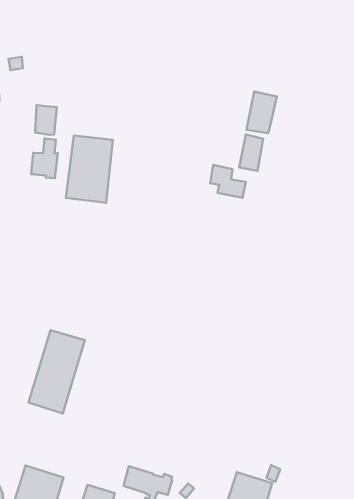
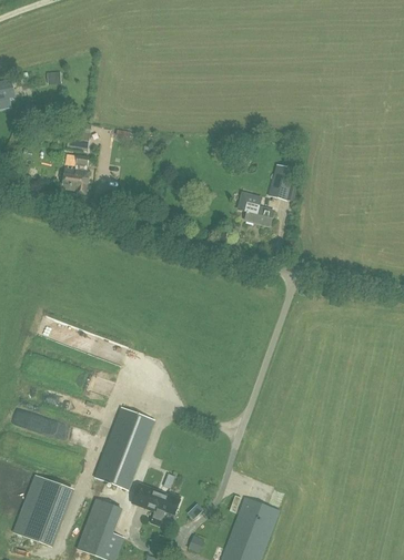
building: [246,92,277,133] -> none
building: [66,136,113,203] -> none
building: [29,330,85,414] -> [94,407,154,490]

